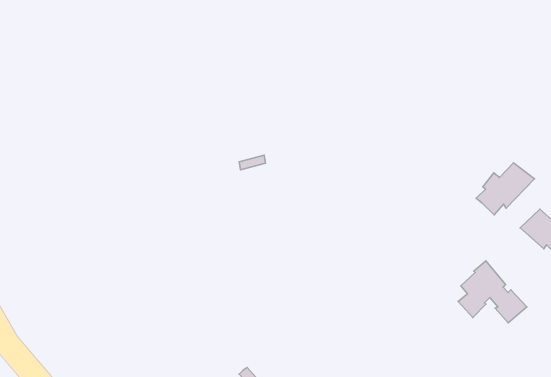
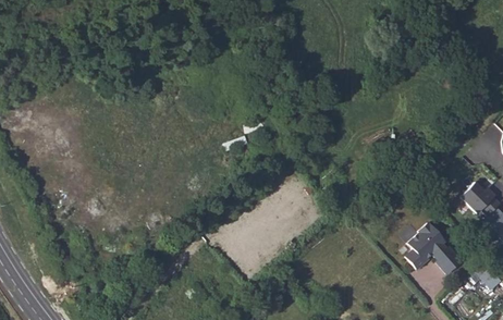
building: [476,163,534,215] -> none

